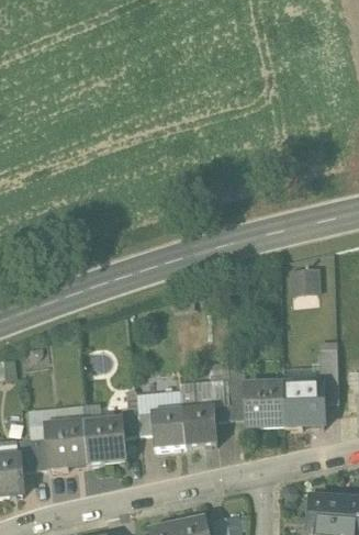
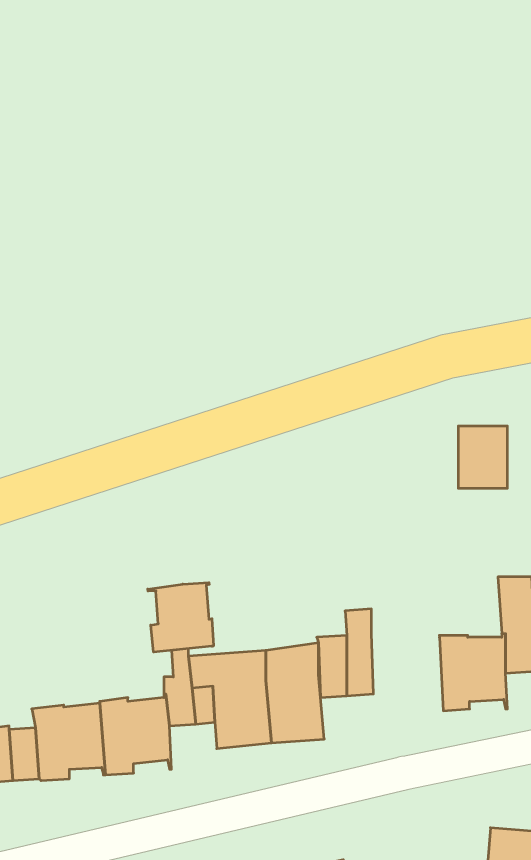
building: none -> [148,583,213,652]
building: [243,383,284,427] -> none

